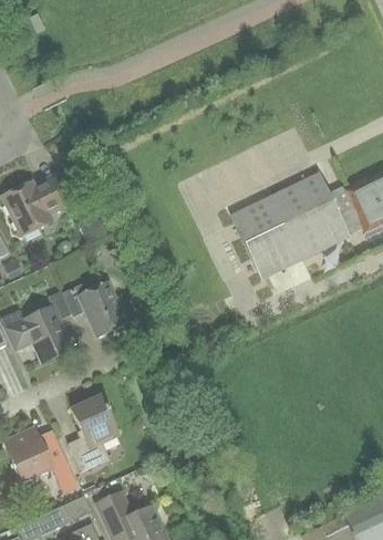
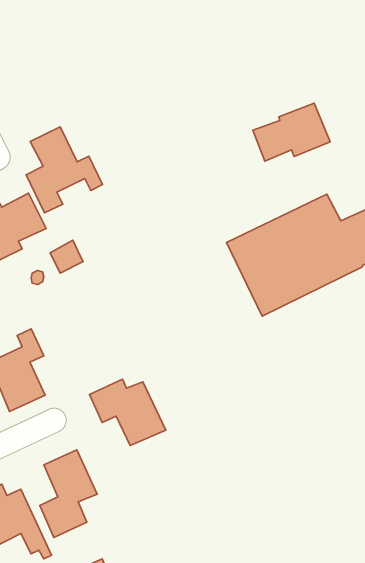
building: none -> [253,103,330,161]
building: none -> [26,127,102,213]
building: [61,279,127,336] -> [90,379,166,445]

